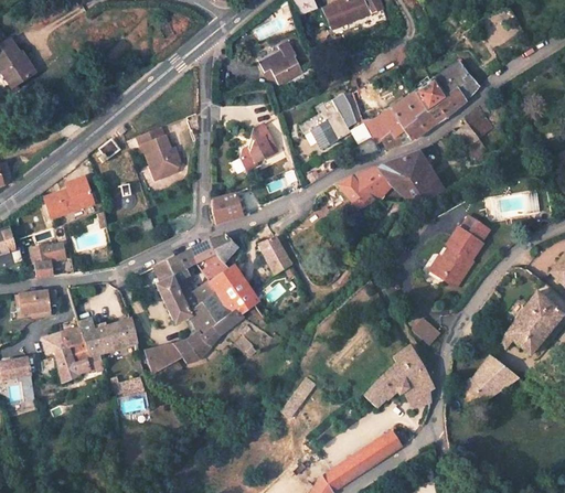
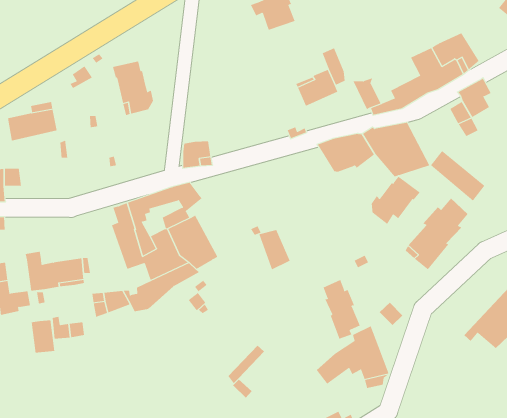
building: [381,90,425,137] -> none
building: [241,124,277,169] -> none
building: none -> [430,150,485,202]
building: none -> [371,176,421,225]
building: [258,235,291,274] -> [258,229,290,270]
building: none -> [323,279,361,340]
building: [62,326,88,360] -> [31,320,55,353]
building: [459,354,519,403] -> none

